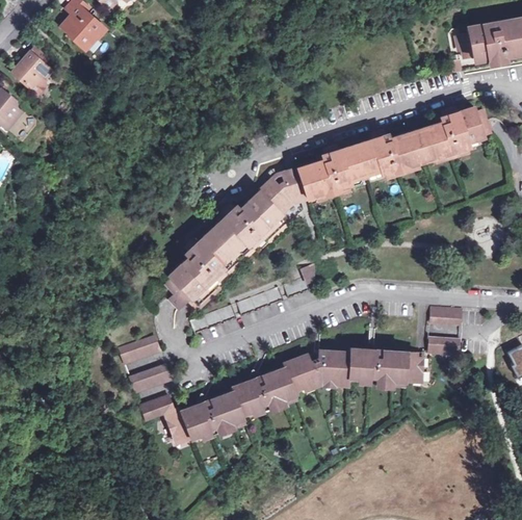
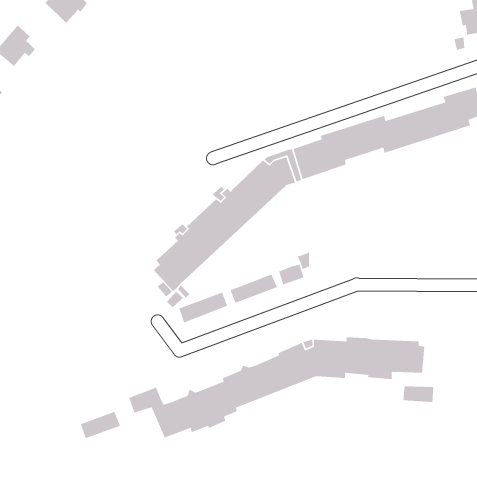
building: [432,308,463,324] -> none
building: [121,337,160,364] -> none
building: [429,338,460,355] -> [403,385,434,403]
building: [131,365,171,392] -> [80,411,121,439]

